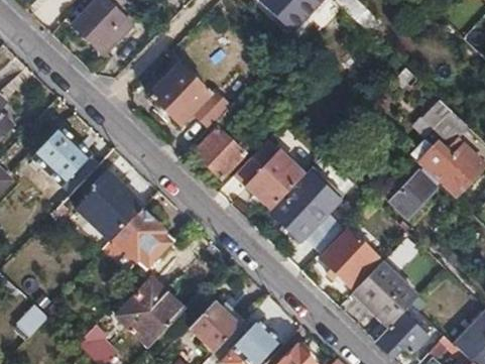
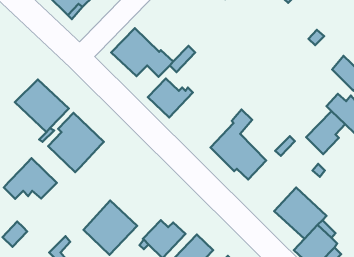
building: [236,139,306,207] -> none
building: [114,209,173,268] -> none
building: none -> [4,158,57,199]
building: [323,232,375,285] -> none

